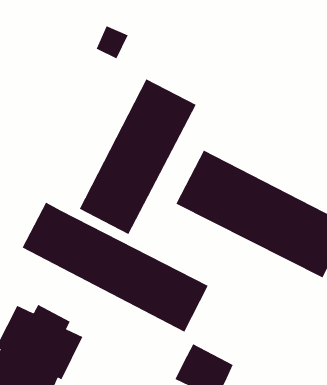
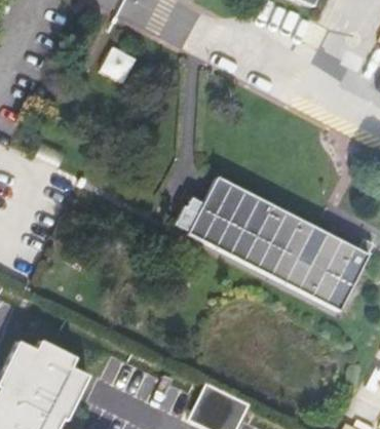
building: [79,79,197,235] -> none
building: [22,202,208,333] -> none

